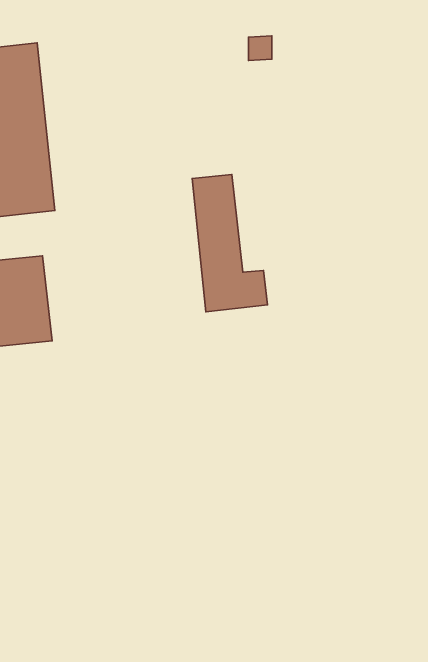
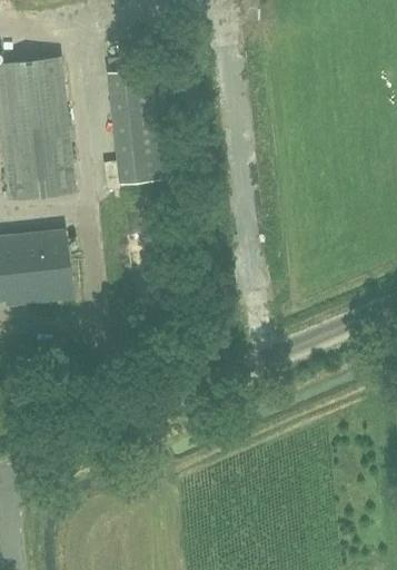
building: [192,174,268,312] -> [115,68,176,179]

